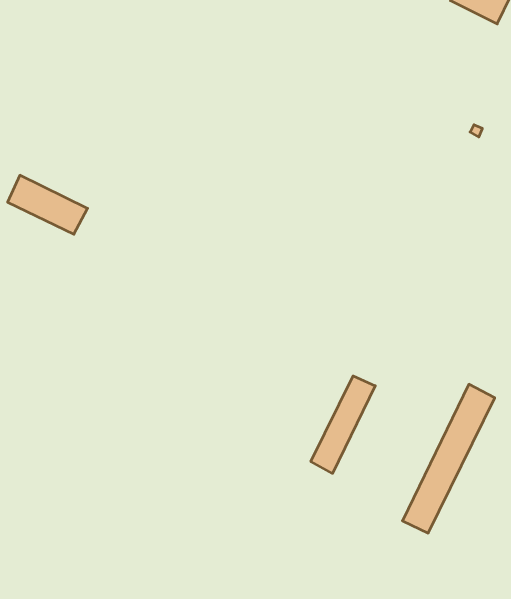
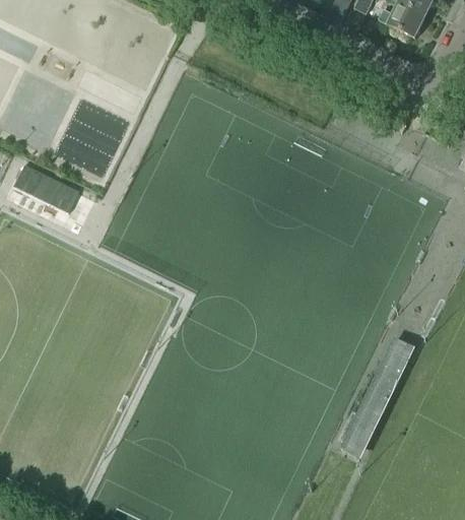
building: [311,376,375,473] -> none

